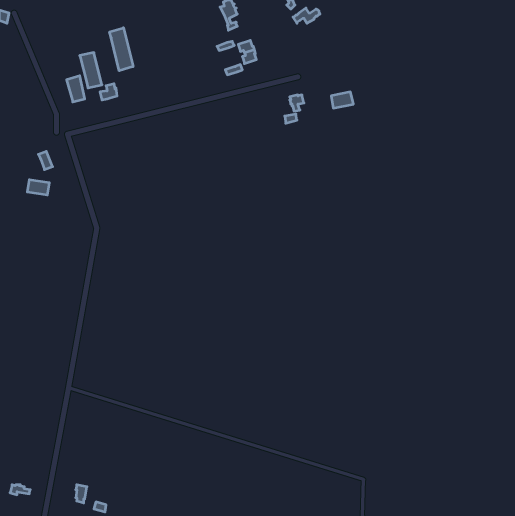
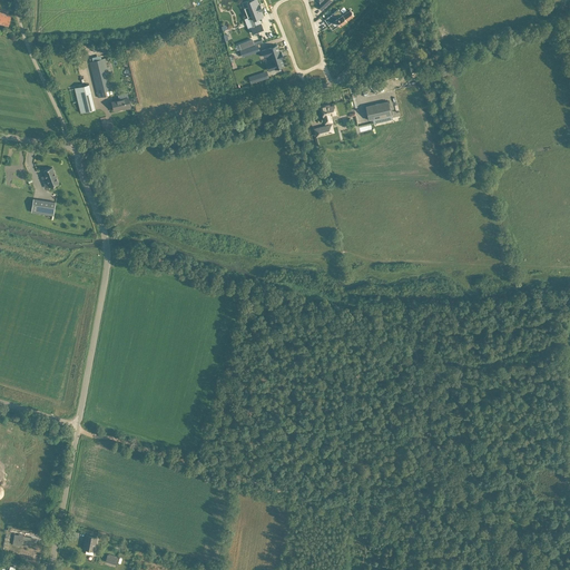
building: [110,28,133,71] -> none

